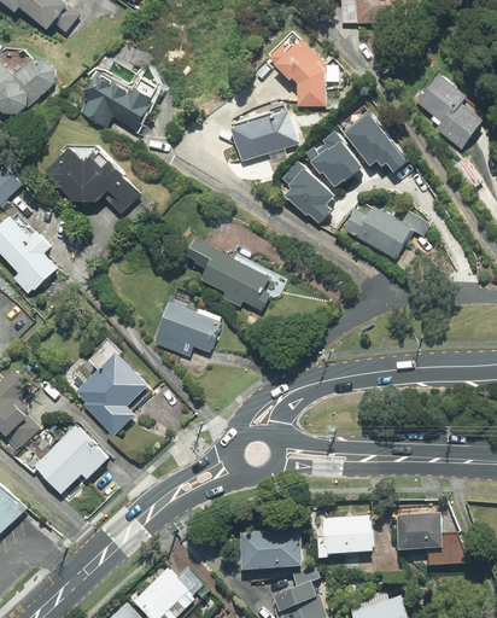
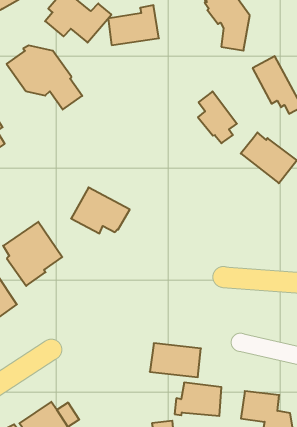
building: [233,104,298,161] -> [108,5,159,45]
building: [305,132,362,186] -> none
building: [187,239,288,310] -> none
building: [241,530,302,569] -> [150,343,201,377]

